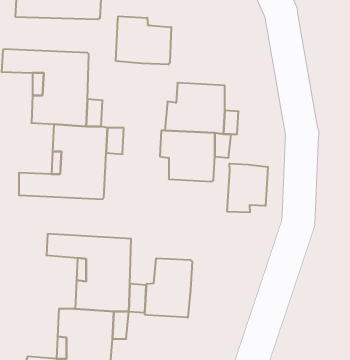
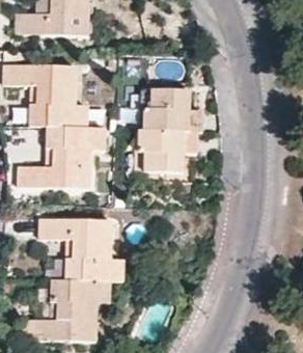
building: [116,16,171,65] -> none
building: [227,163,268,212] -> none
building: [145,258,192,318] -> none

